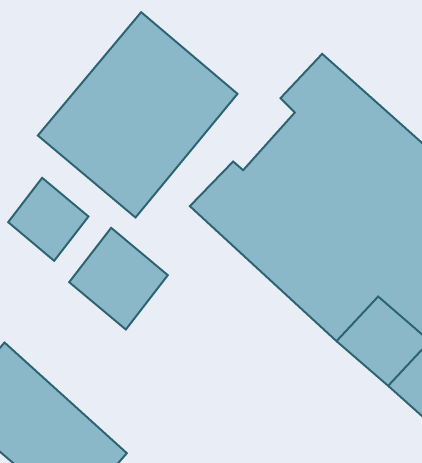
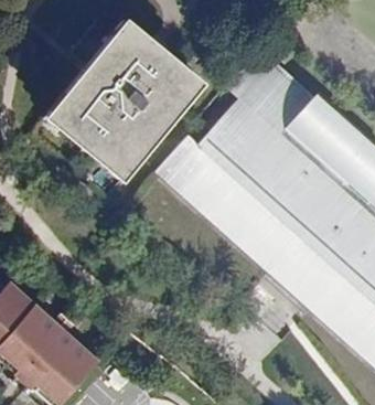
building: [8,178,88,261] -> none
building: [69,228,168,330] -> none

